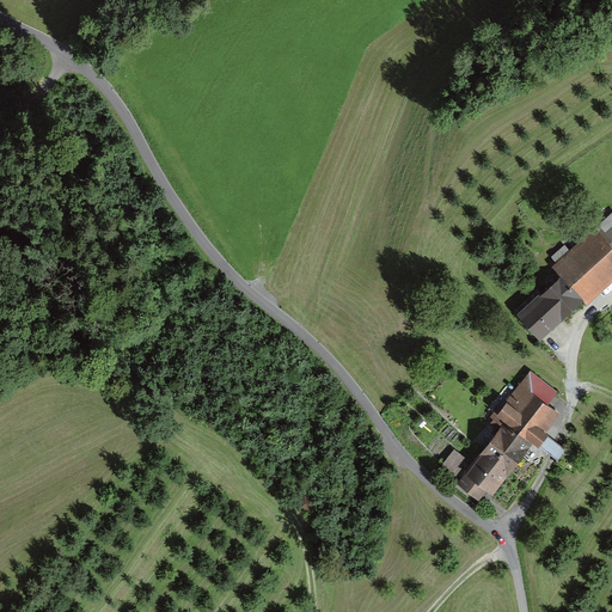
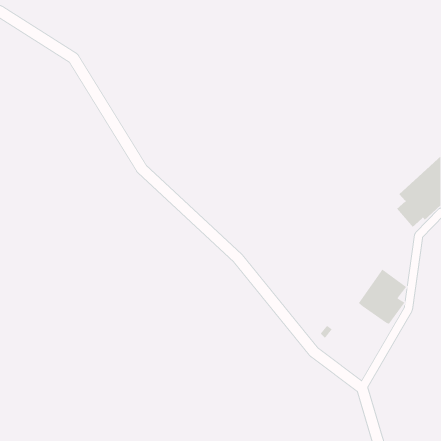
building: [518,288,570,341] -> none
building: [457,423,533,503] -> none

